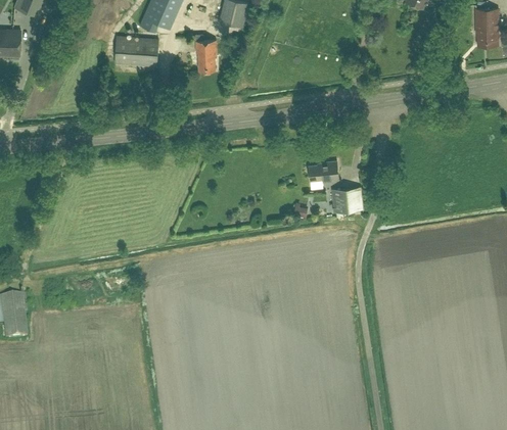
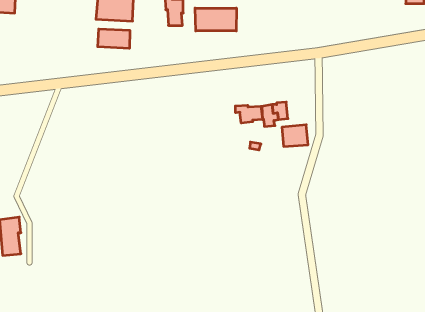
building: none -> [195,8,236,31]
building: none -> [98,29,130,48]
building: none -> [235,105,263,123]

